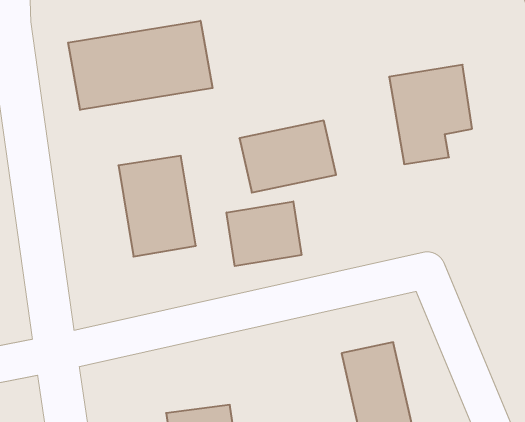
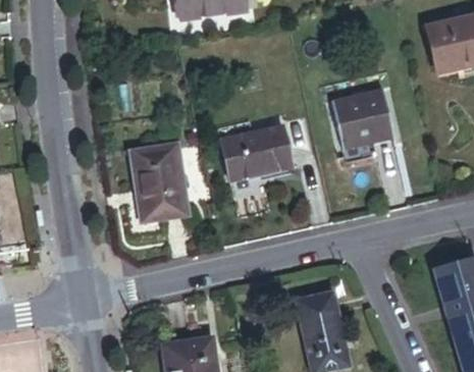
building: [68,21,213,110] -> none
building: [227,201,301,266] -> none

